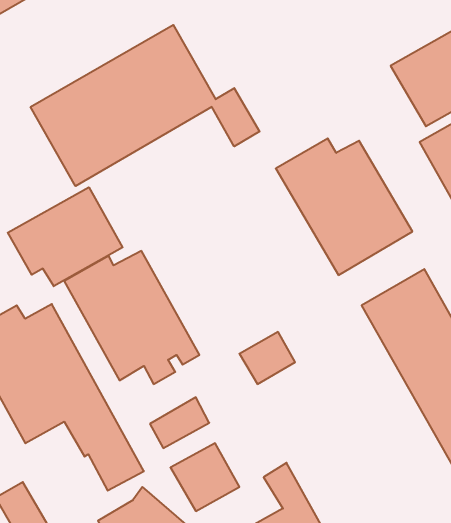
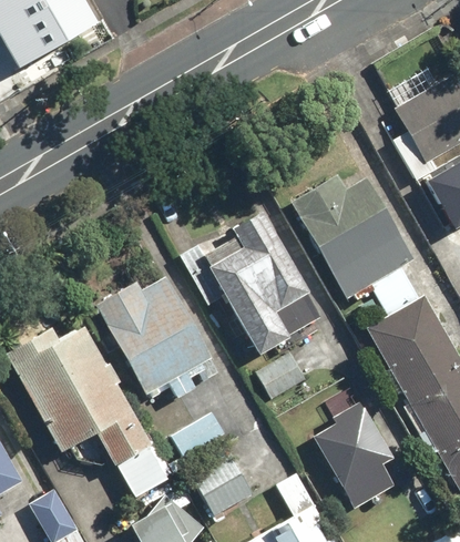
building: [31,25,260,186] -> none
building: none -> [203,212,319,357]
building: [8,187,123,286] -> none
building: none -> [311,400,395,509]

